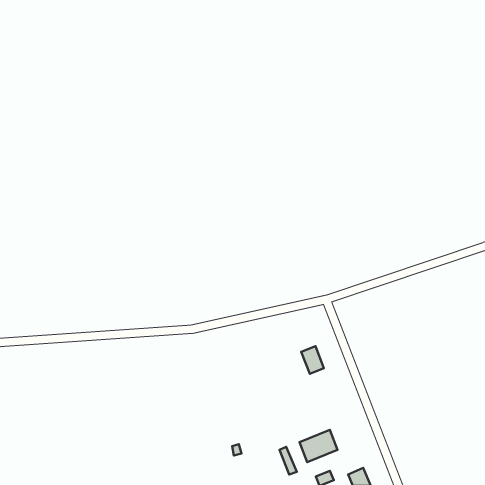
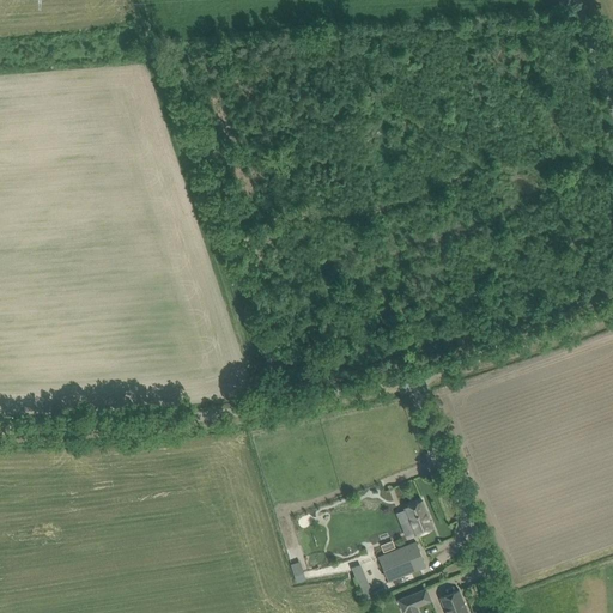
building: [301,346,324,374] -> [403,502,432,536]

